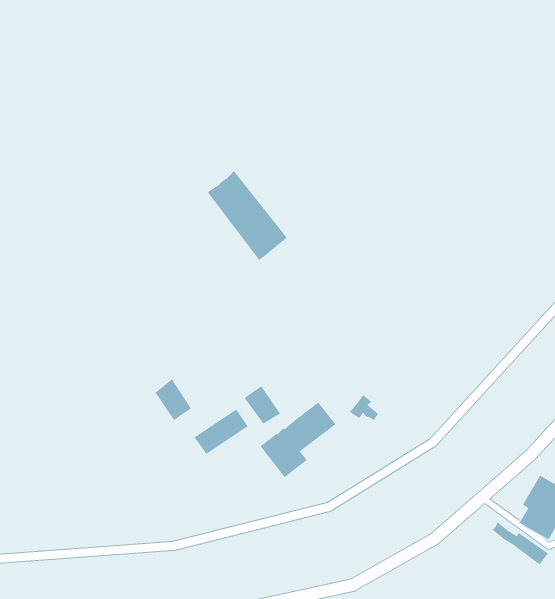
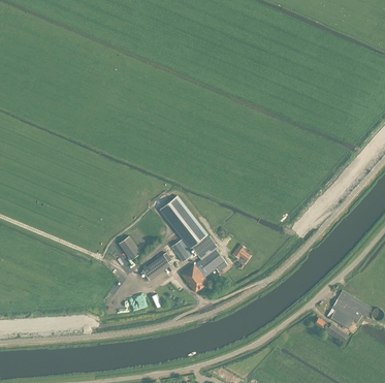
building: [208,170,288,261] -> [160,196,206,249]

